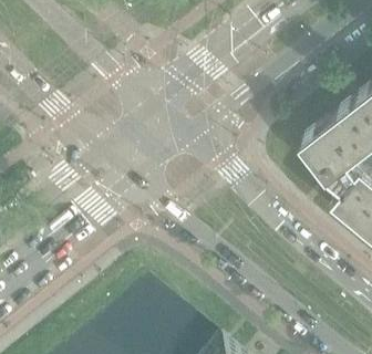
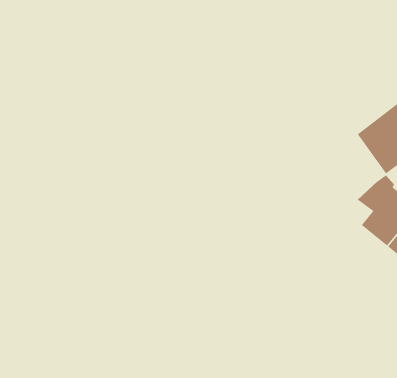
building: [300,131,354,188] -> none

